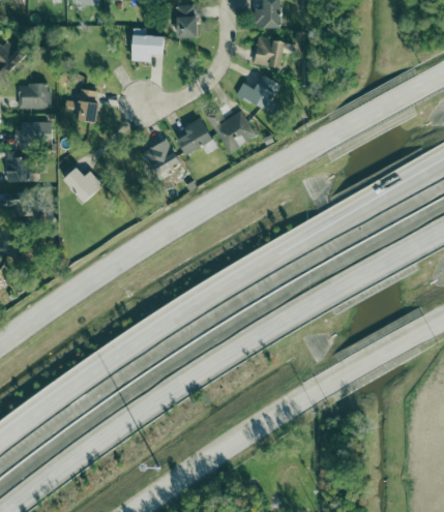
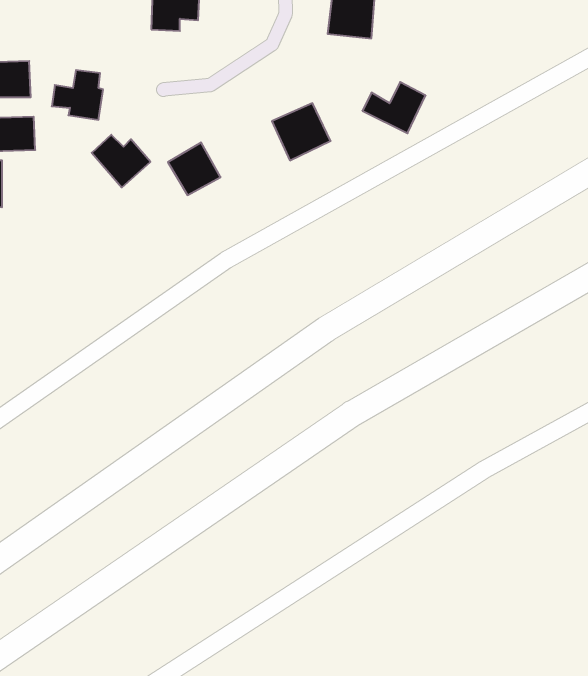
building: [236,74,279,110] -> [362,82,426,133]
building: [178,118,216,155] -> none
building: [63,168,103,204] -> [92,135,150,187]

